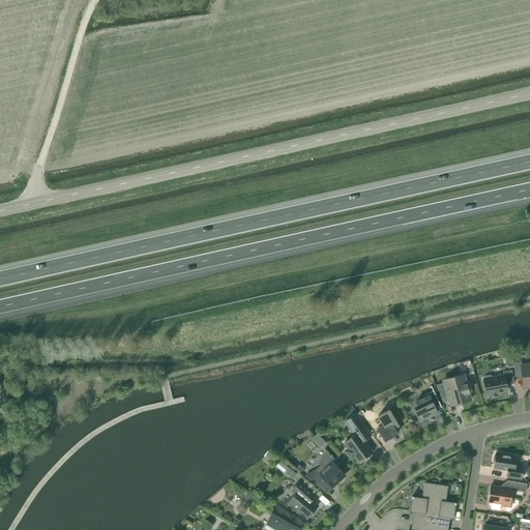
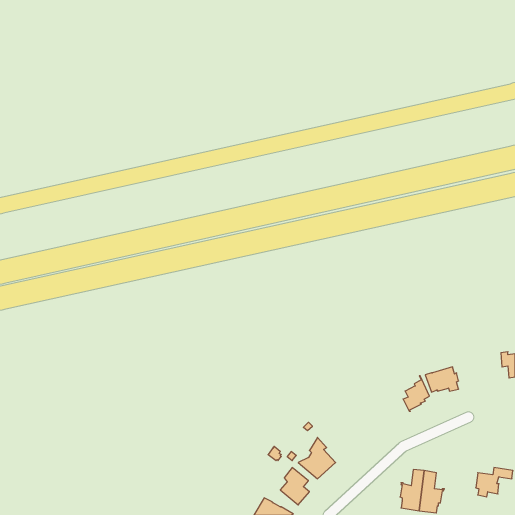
building: [483,370,514,398] -> none
building: [378,409,399,441] -> none
building: [345,414,372,462] -> none
building: [494,452,524,479] -> none

